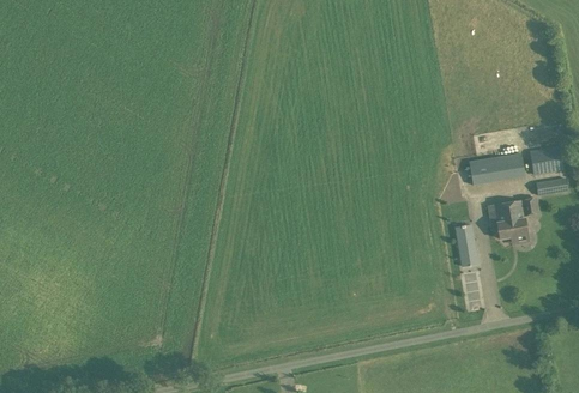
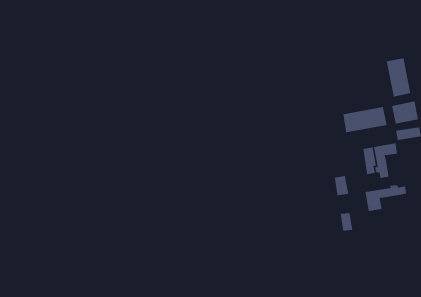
building: none -> [386,58,411,98]
building: none -> [365,184,407,212]

